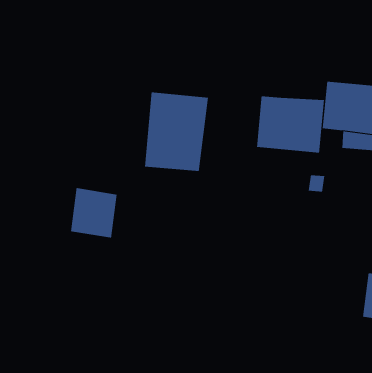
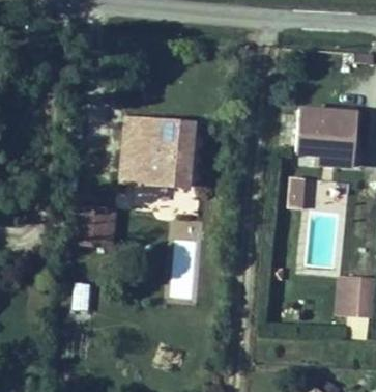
building: none -> [118,114,146,184]
building: [257,96,325,154] -> none

